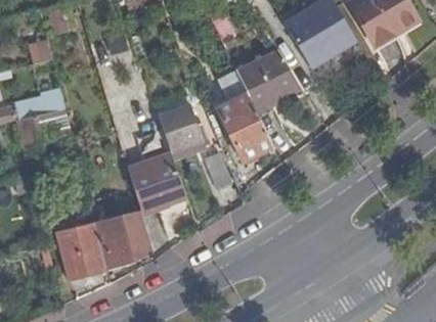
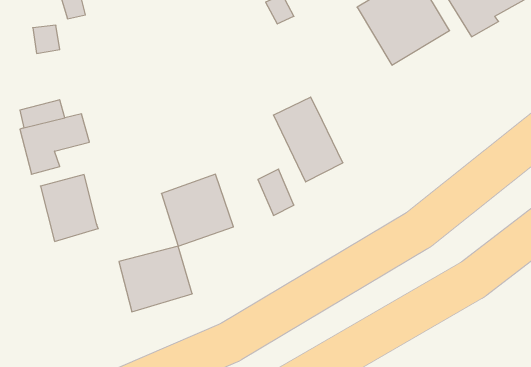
building: [236,51,304,112] -> none
building: [159,105,202,152] -> none
building: [60,225,106,278] -> [40,175,98,241]

